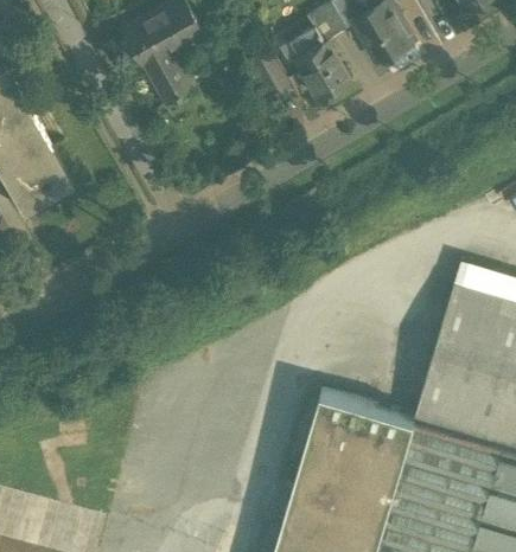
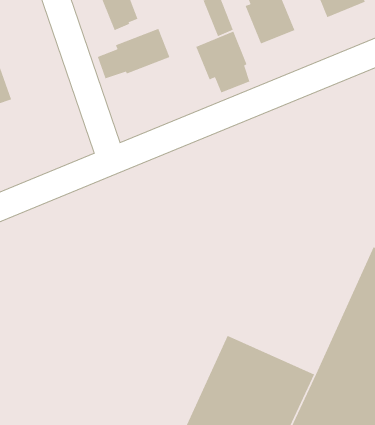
building: none -> [195,31,251,93]
building: none -> [97,28,170,80]

